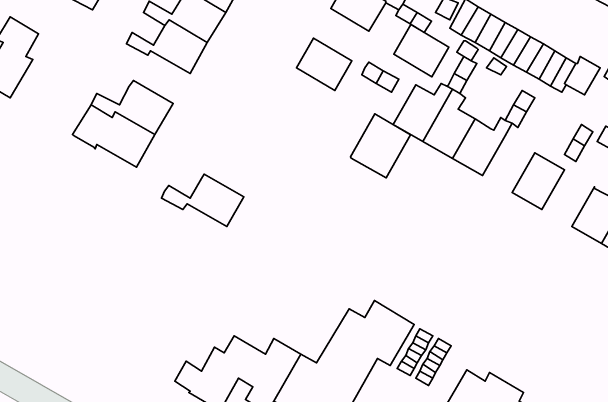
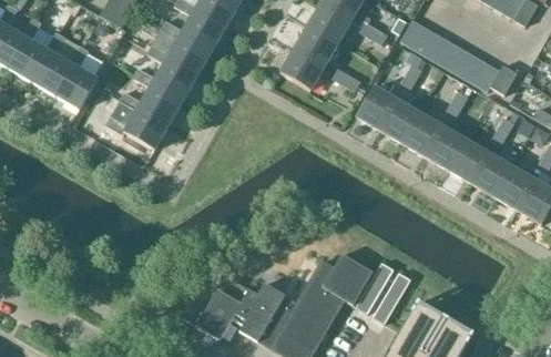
building: [394,24,449,77] -> [294,26,337,67]
building: none -> [57,45,98,109]
building: [350,114,411,178] -> none
building: none -> [426,125,467,170]
building: none -> [472,152,513,196]
building: [162,174,244,227] -> [133,59,197,100]

